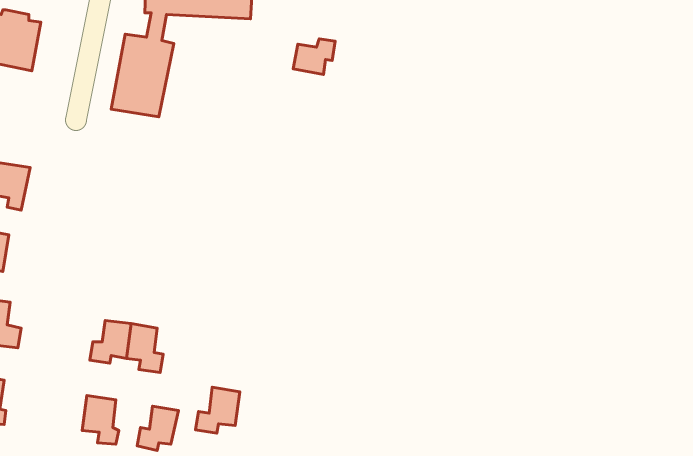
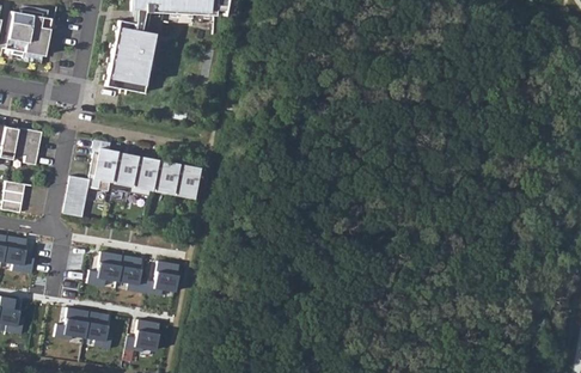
building: [293,39,335,75] -> none
building: none -> [65,140,197,216]
building: [195,387,240,433] -> [145,258,179,294]
building: none -> [55,306,87,341]

